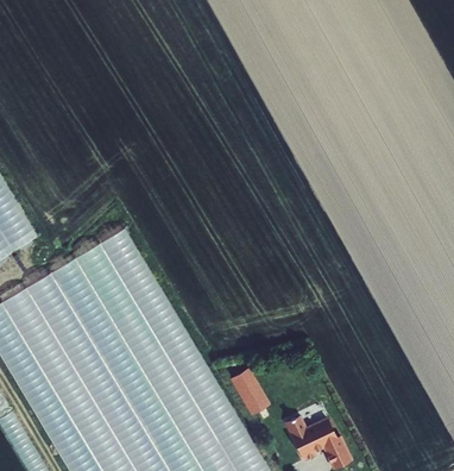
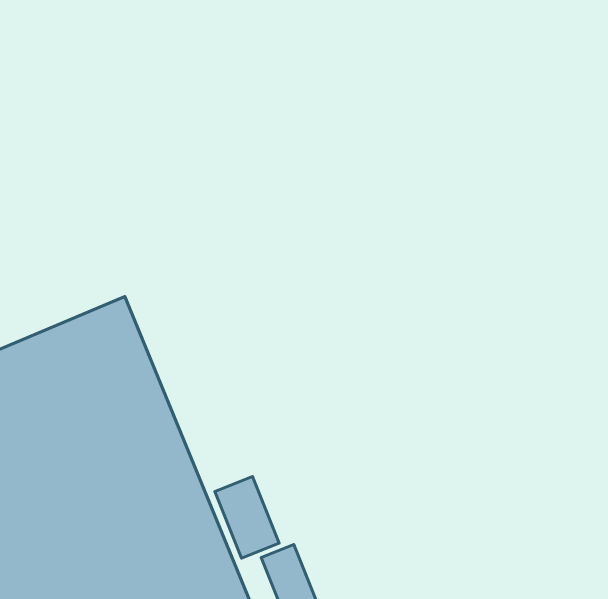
building: none -> [215,476,279,558]

